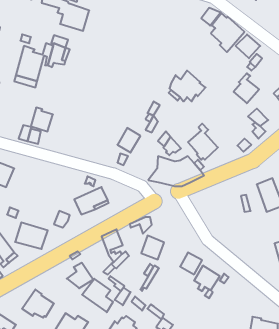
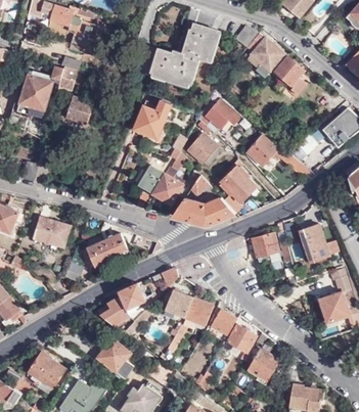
building: none -> [149,22,216,83]
building: none -> [133,100,171,138]
building: [234,73,259,103] -> [248,130,277,165]
building: none -> [187,132,216,162]
building: [31,108,53,131] -> [66,95,92,123]
building: none -> [152,174,182,203]
building: none -> [253,233,281,263]
building: [15,222,48,249] -> [32,216,70,246]
building: none -> [184,297,212,325]
building: [67,263,93,288] -> [99,296,130,326]
building: none -> [246,350,278,381]

